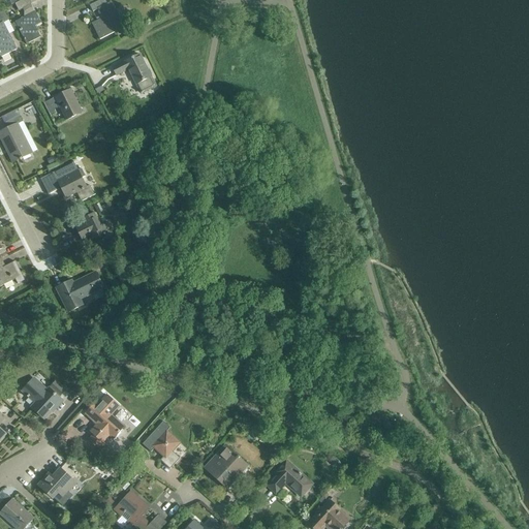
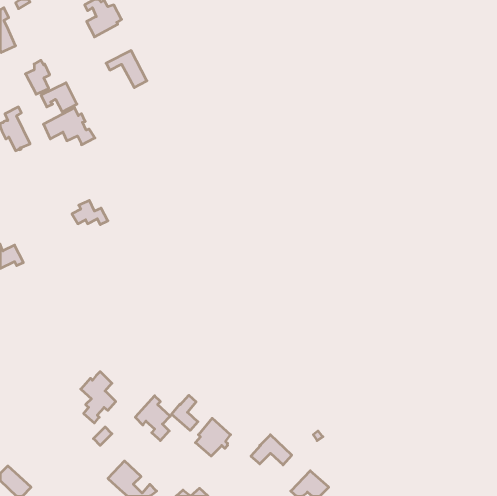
building: [15,6,41,42] -> [25,60,50,94]
building: [41,161,96,200] -> [43,108,95,145]
building: [57,272,103,312] -> none
building: [23,378,66,418] -> none
building: none -> [172,395,198,430]
building: [39,468,75,497] -> none

